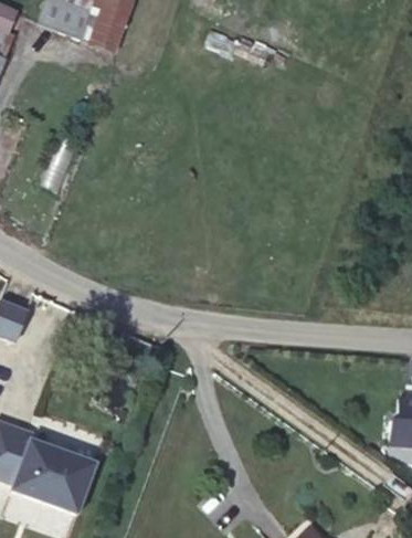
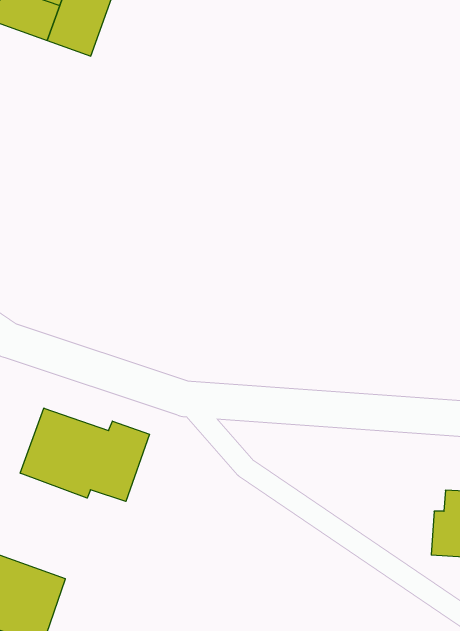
building: none -> [20,408,150,501]

